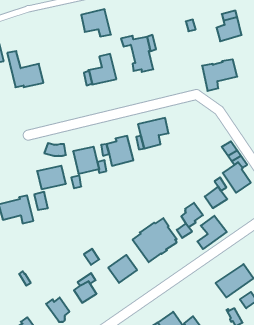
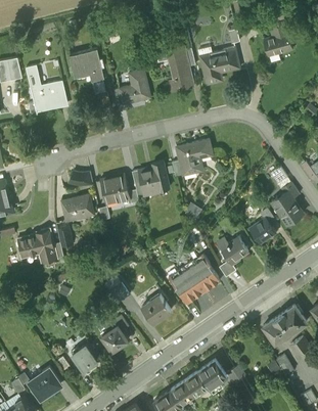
building: [81,9,111,36] -> [71,49,104,80]
building: [202,59,237,91] -> [200,48,240,84]
building: [197,216,227,249] -> none

